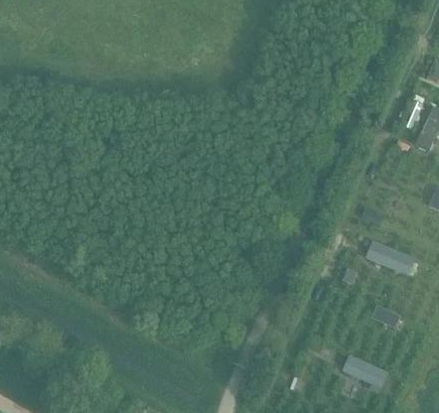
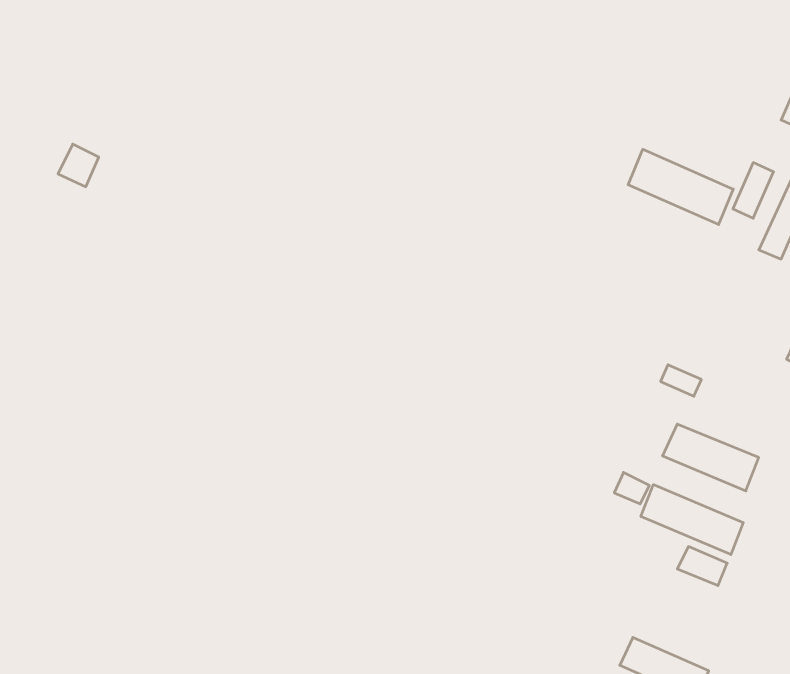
building: none -> [628,149,733,225]
building: none -> [641,485,743,555]

